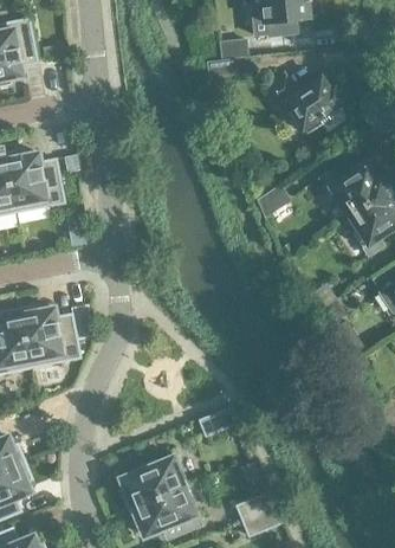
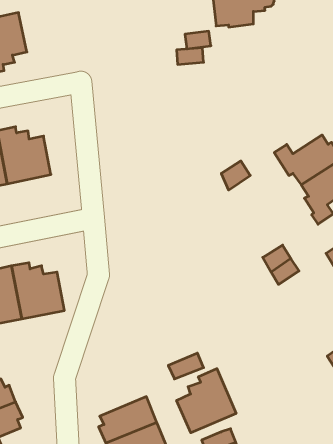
building: [264,72,349,134] -> none
building: none -> [177,369,236,433]

